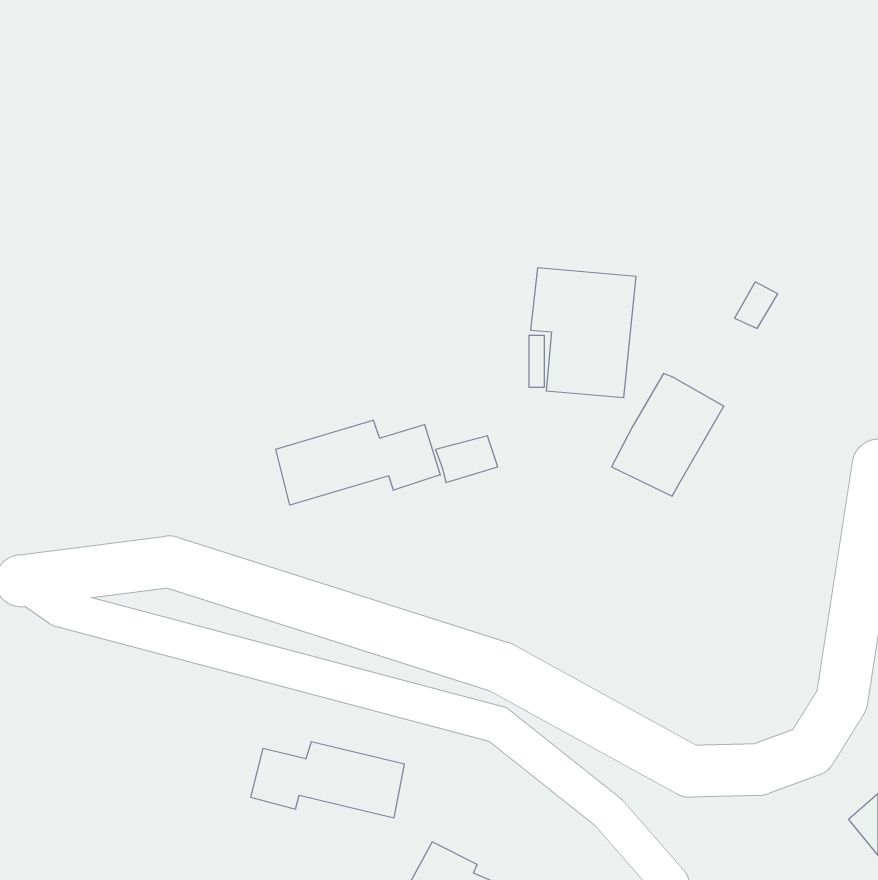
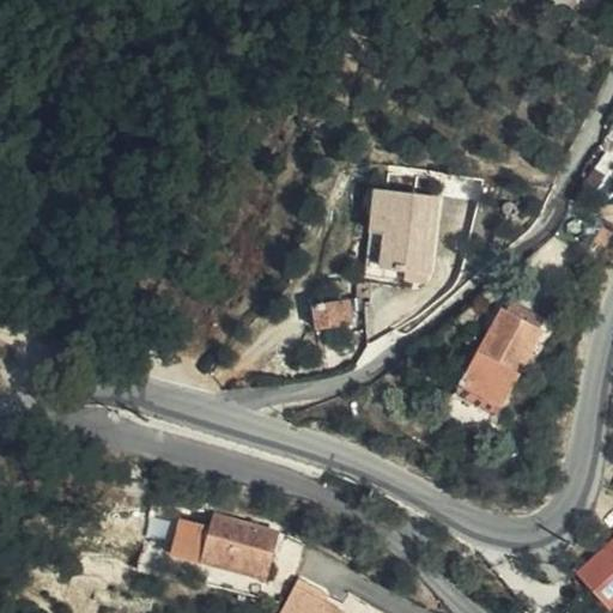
building: [612,373,724,496] -> [462,312,540,397]
building: [276,420,440,505] -> none

